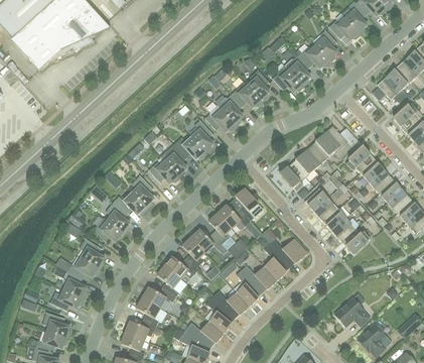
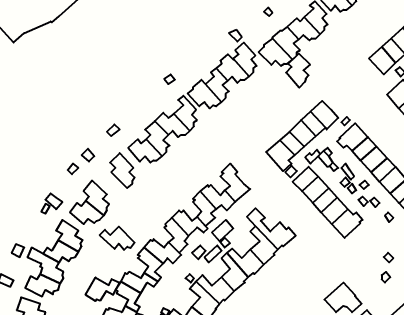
building: none -> [286,54,310,88]
building: [114,193,147,215] -> [100,227,135,250]
building: none -> [86,277,119,301]

